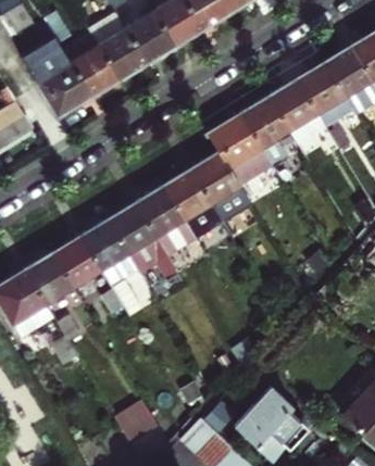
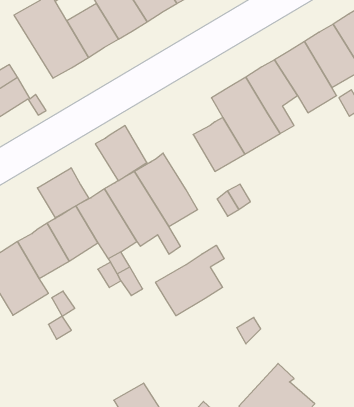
building: [162,168,211,221] -> [95,126,147,181]
building: none -> [37,168,89,218]
building: none -> [156,245,224,316]

